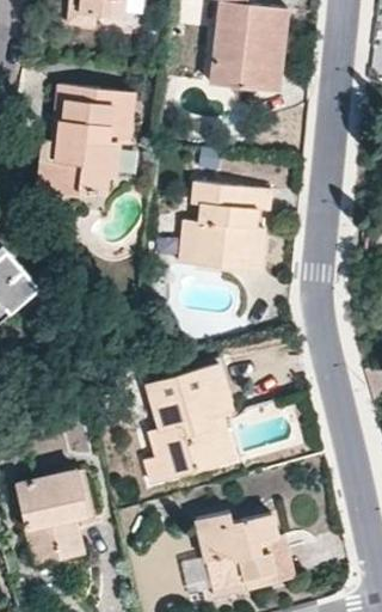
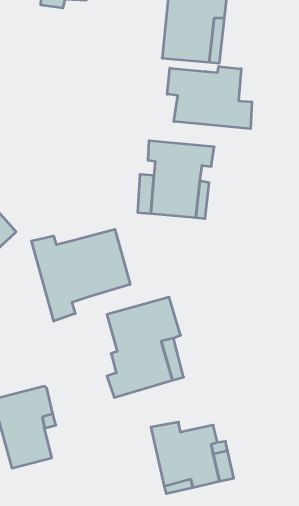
building: [39,85,133,194] -> none
building: none -> [167,66,252,129]
building: none -> [31,229,130,321]

